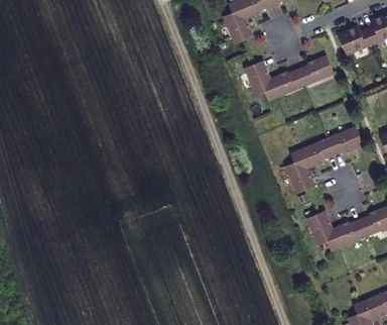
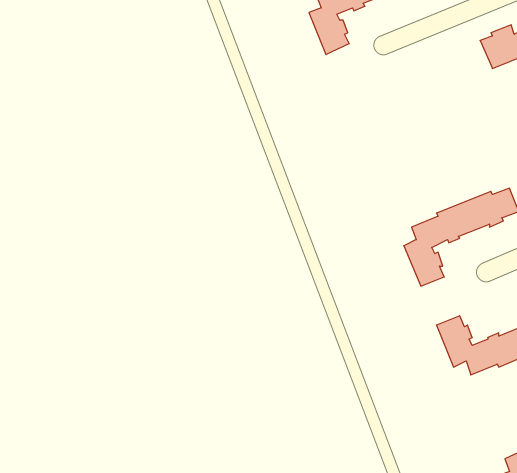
building: [250,58,336,99] -> none

